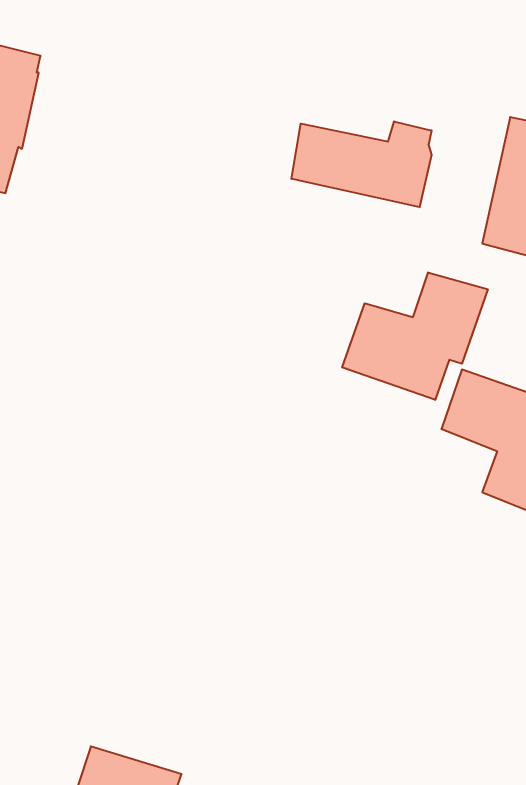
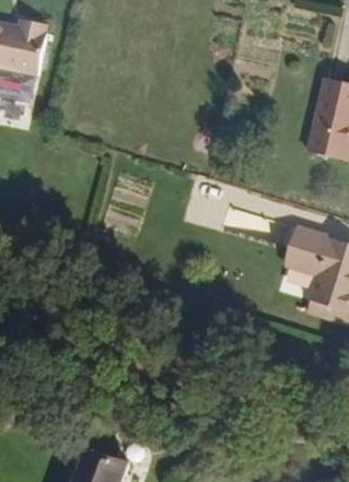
building: [291,121,432,207] -> none
building: [342,272,488,400] -> none

